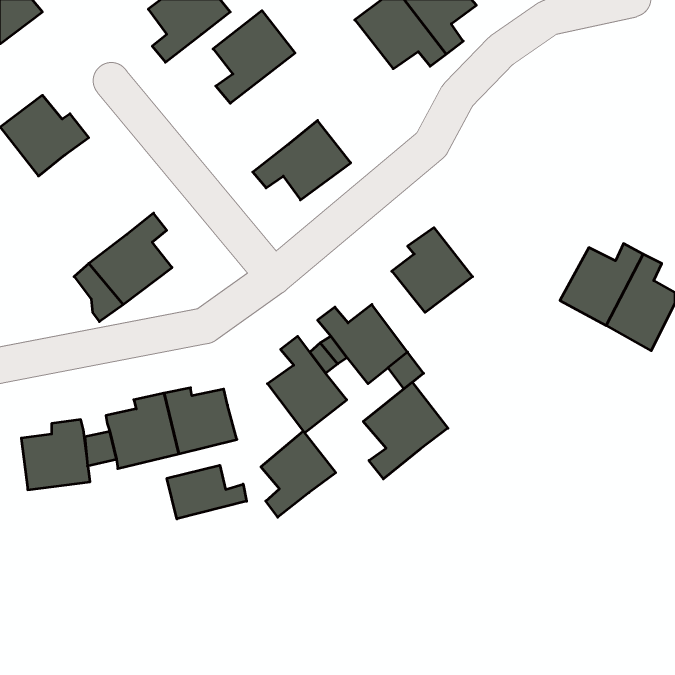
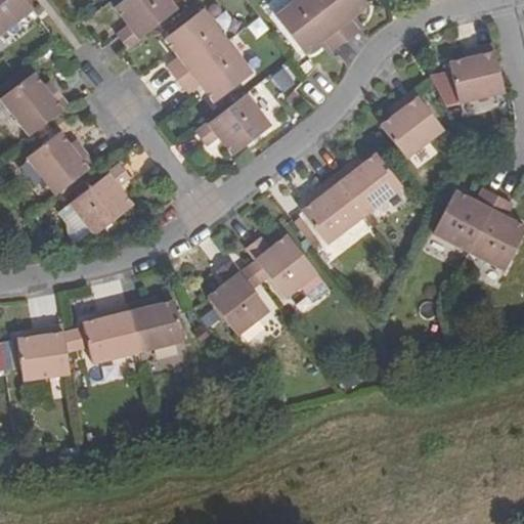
building: none -> [178,41,252,101]
building: none -> [434,45,504,105]
building: none -> [381,90,442,158]
building: none -> [25,131,93,194]
building: none -> [336,152,401,214]
building: [363,382,448,479] -> none
building: [261,431,336,517] -> none
building: [167,465,247,519] -> none

